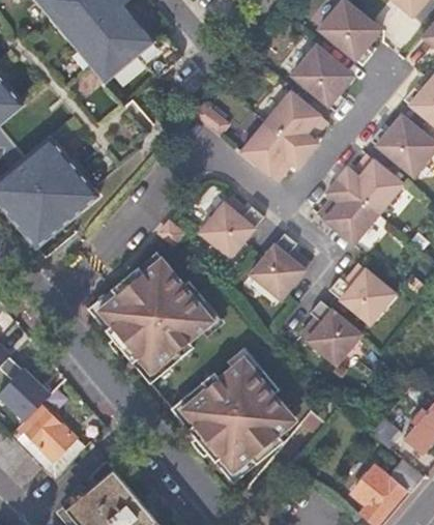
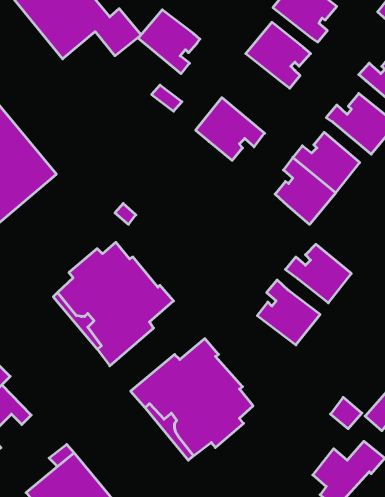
building: [263,91,324,154] -> [138,10,200,74]
building: [196,198,262,260] -> none
building: [247,232,308,300] -> none

